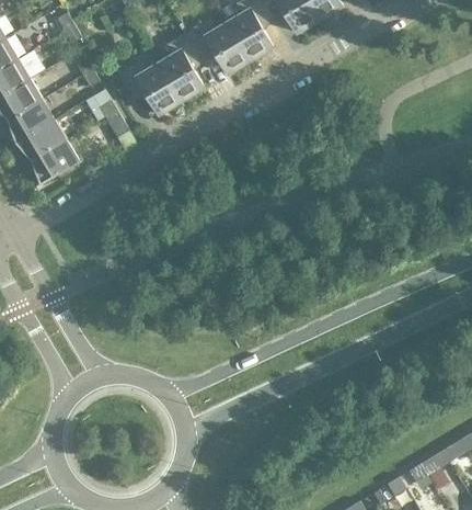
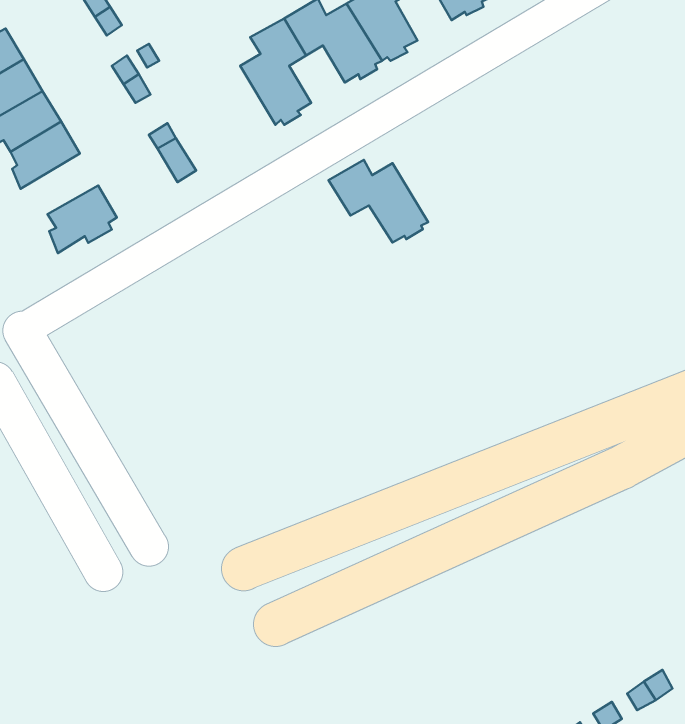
building: [116,60,181,114] -> [328,160,428,243]
building: [15,120,66,159] -> none

